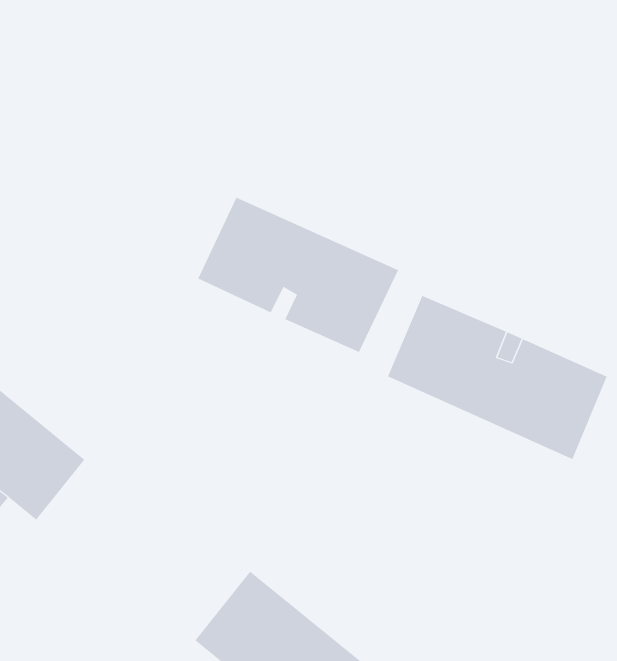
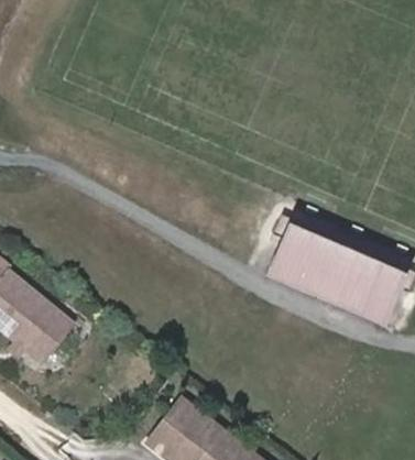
building: [198,197,399,353] -> none

